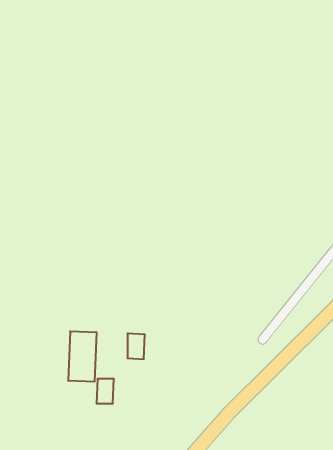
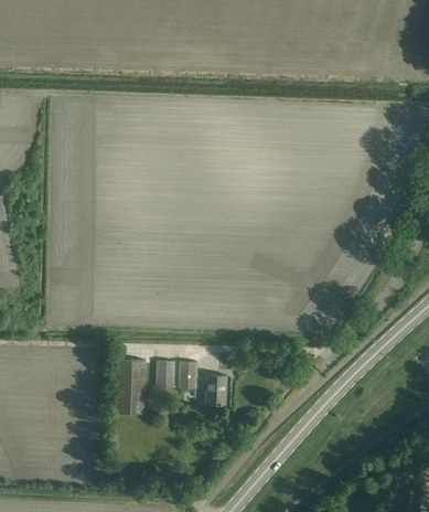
building: none -> [205,374,226,404]
building: [96,379,114,403] -> [155,361,174,387]

